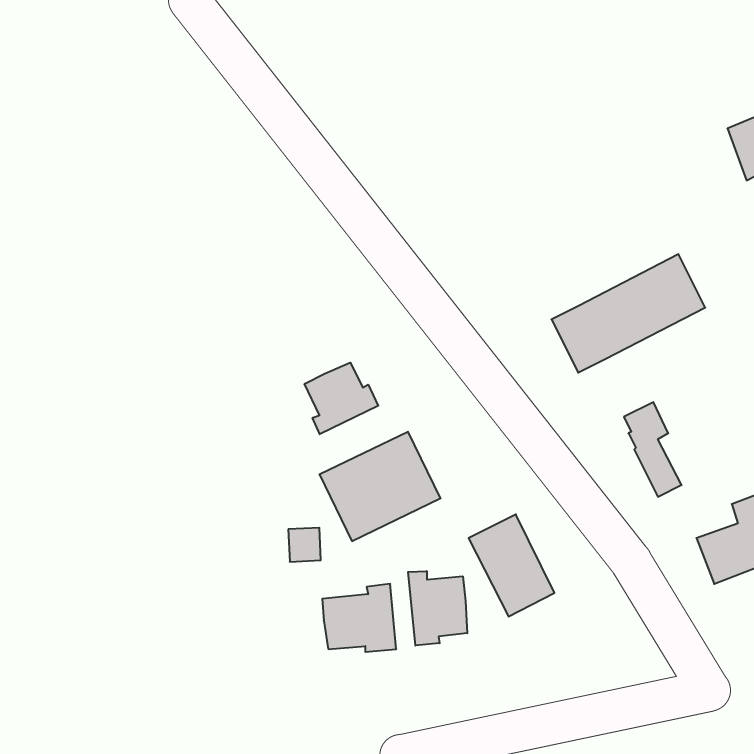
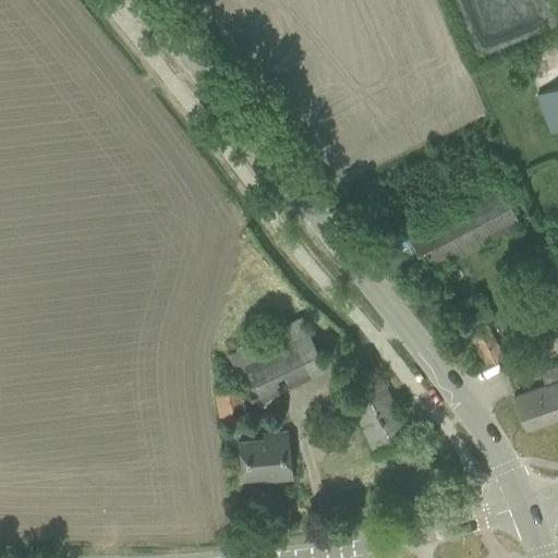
building: [305,363,378,434] -> none
building: [408,571,467,646] -> none

